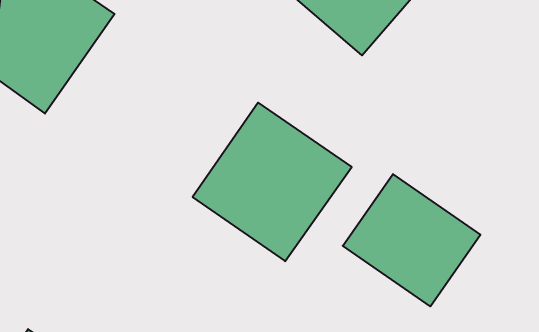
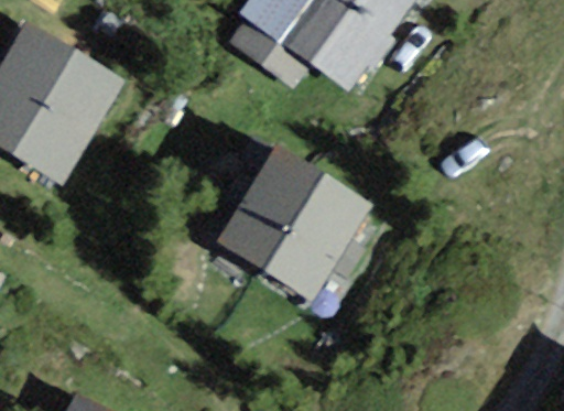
building: [343,174,480,306] -> none

